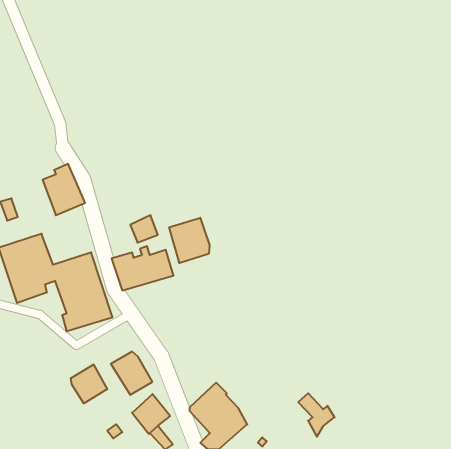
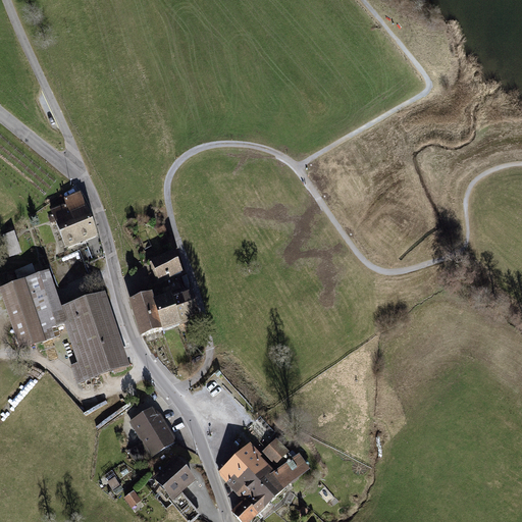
building: [169,218,210,263] -> none
building: [71,364,107,403] -> none
building: [298,393,335,437] -> [263,438,305,488]

